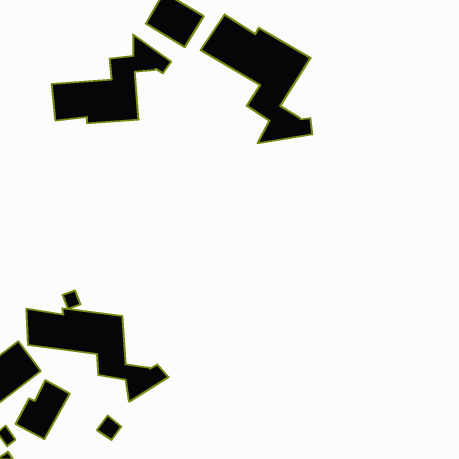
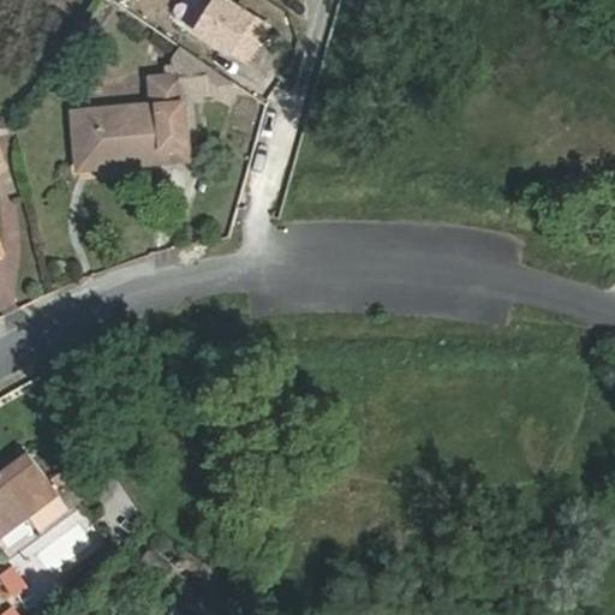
building: [201,14,312,143] -> none
building: [26,308,169,402] -> none

